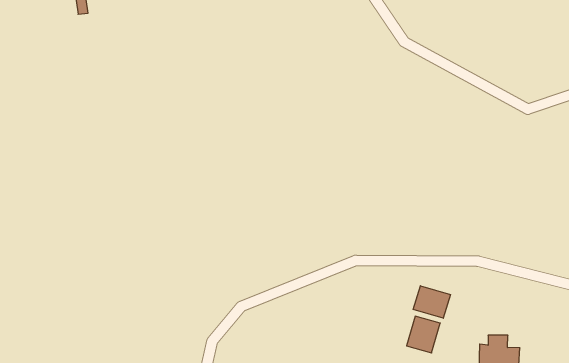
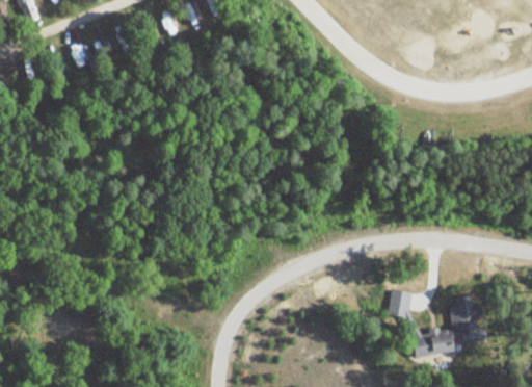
building: [413,286,451,318] -> none

